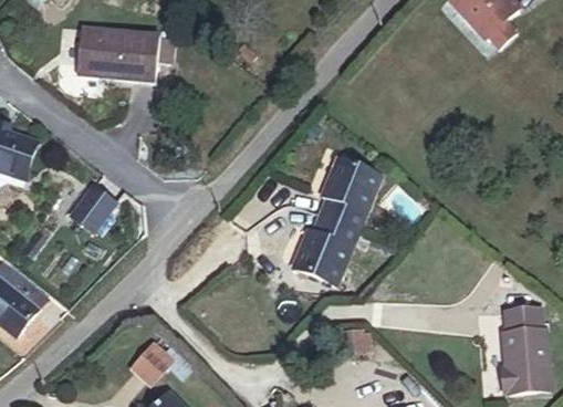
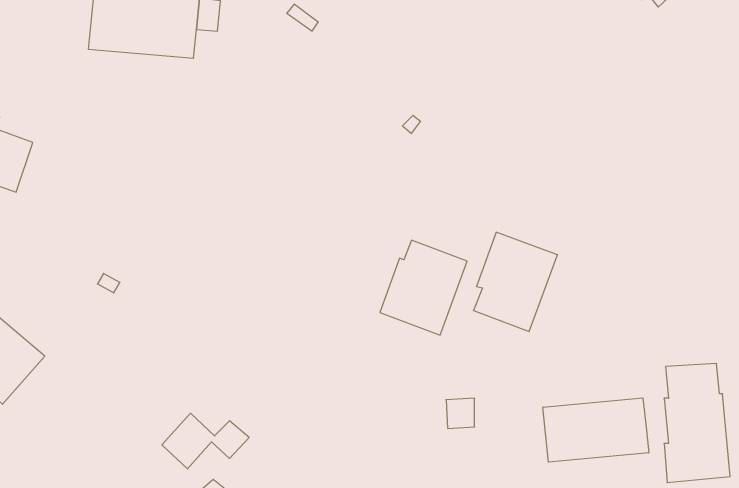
building: [316,157,378,230] -> [473,232,558,332]
building: [71,182,115,228] -> none
building: none -> [543,398,649,462]

